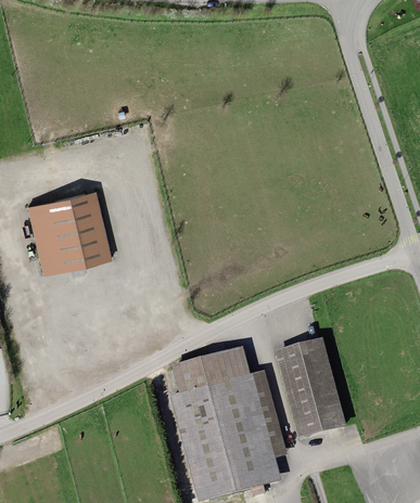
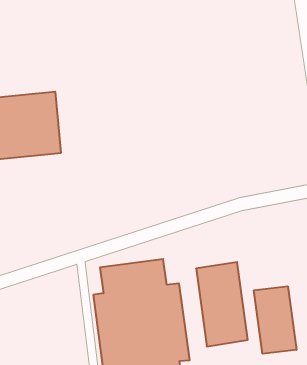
building: none -> [254,286,296,354]

